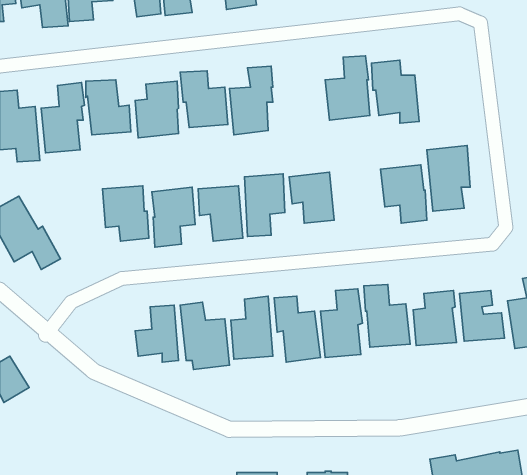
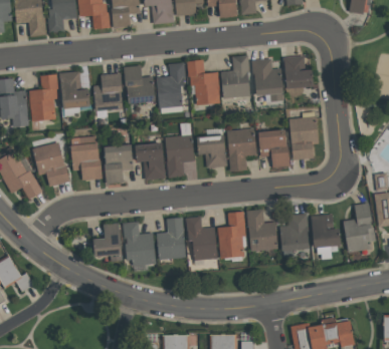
building: none -> [282,55,314,88]
building: none -> [187,60,220,104]
building: none -> [226,127,255,170]
building: none -> [32,141,69,187]

